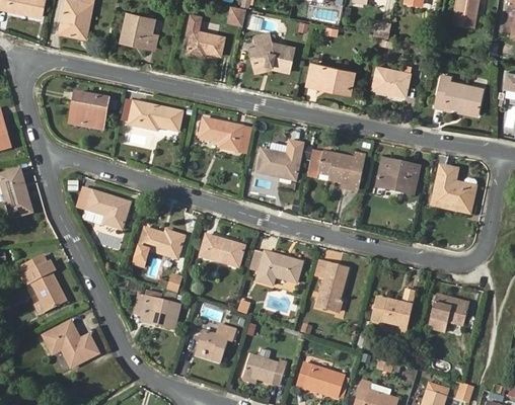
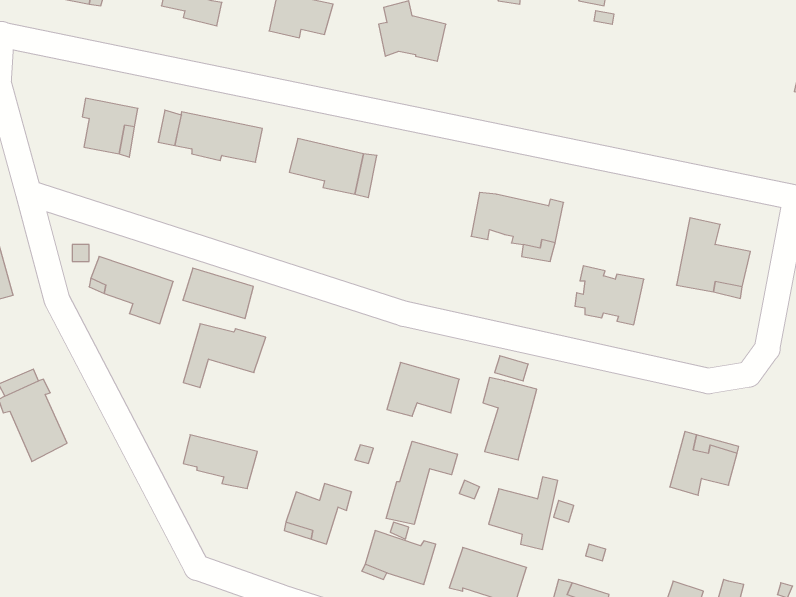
building: [308,64,353,94] -> none
building: [372,67,411,96] -> none
building: [434,75,483,113] -> none
building: [258,141,303,177] -> none
building: [378,159,420,194] -> [575,266,644,325]
building: [201,236,243,266] -> [183,268,253,319]
building: [372,291,414,334] -> [489,477,558,549]
building: none -> [386,441,457,524]
building: [44,321,98,367] -> none

